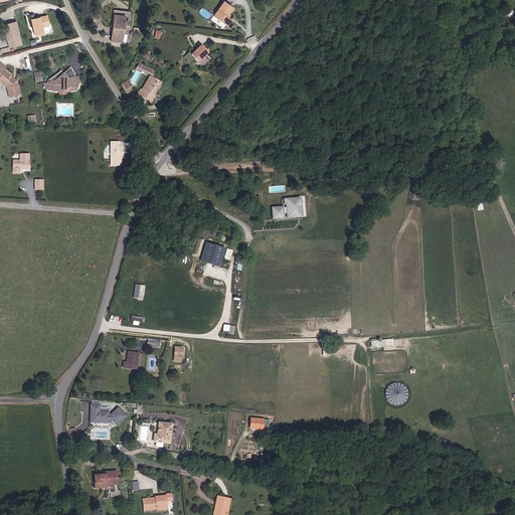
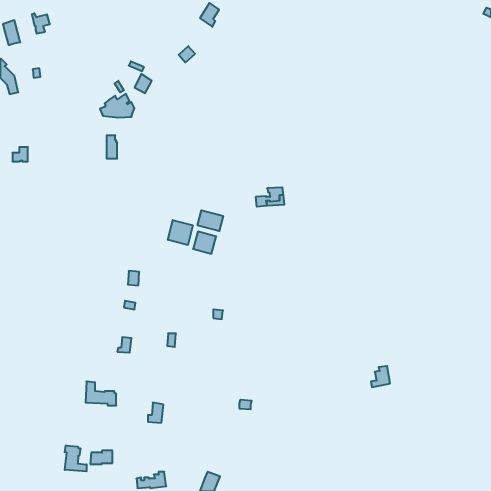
building: [109,11,128,43] -> none
building: [44,67,80,93] -> [100,94,134,118]
building: none -> [198,210,223,231]
building: none -> [168,220,193,245]
building: none -> [65,445,87,471]

